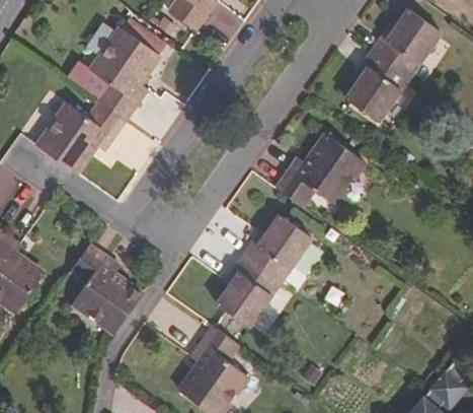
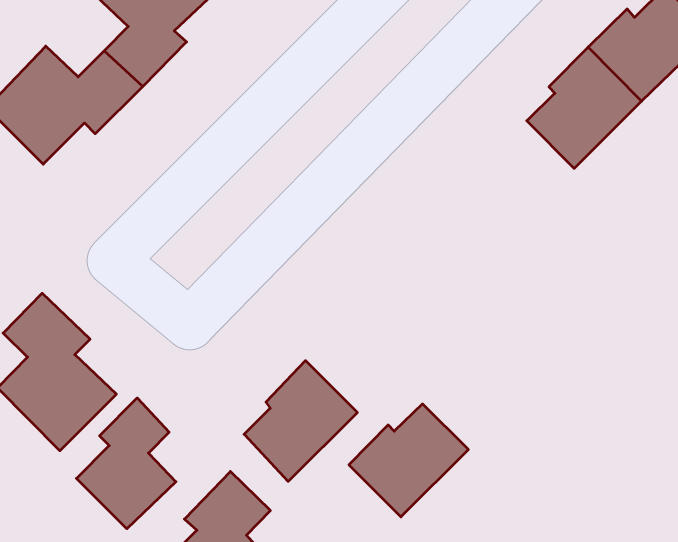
building: [277,135,365,207] -> none
building: [244,215,310,281] -> [349,404,468,517]
building: none -> [76,398,176,529]

